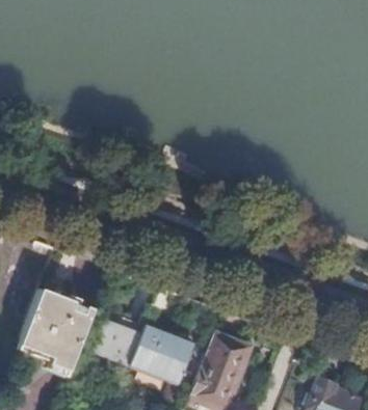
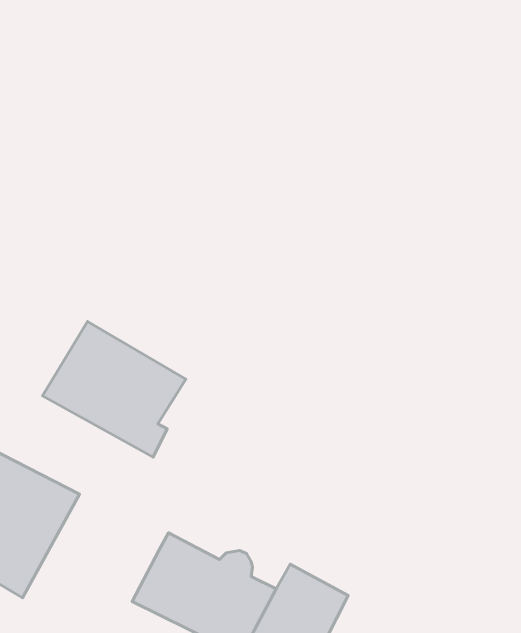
building: none -> [43,321,186,457]
building: [94,321,141,365] -> none

